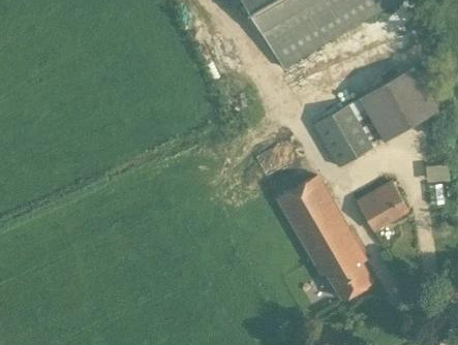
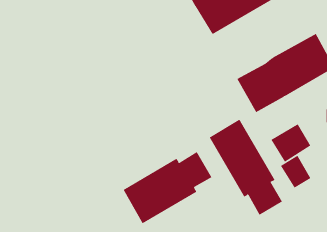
building: none -> [123,151,212,224]
building: none -> [280,155,311,189]

